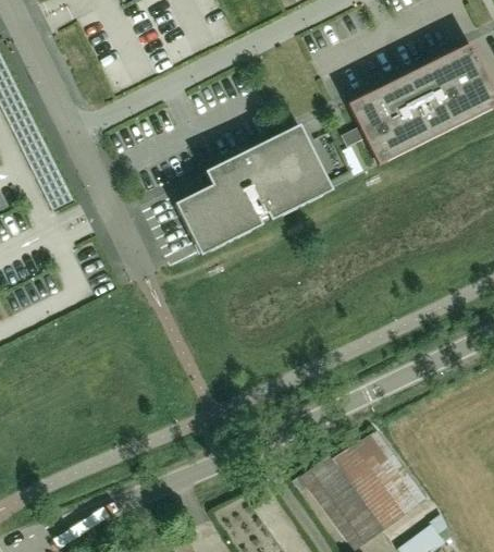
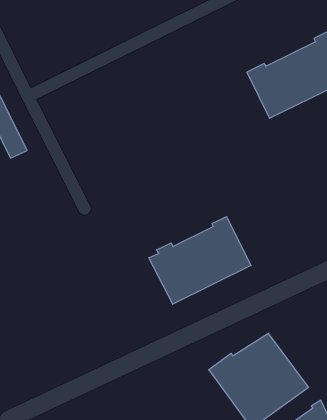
building: [175,127,330,250] -> none
building: none -> [149,217,251,304]

